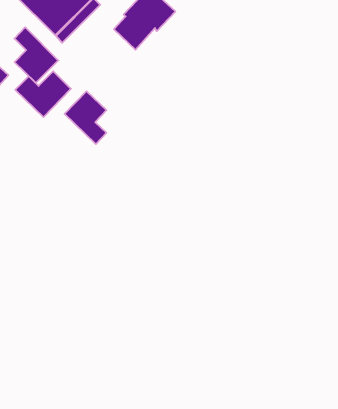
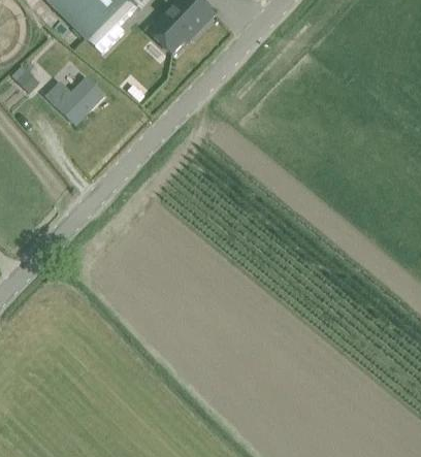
building: [14,27,58,83] -> none
building: [65,91,106,144] -> none

